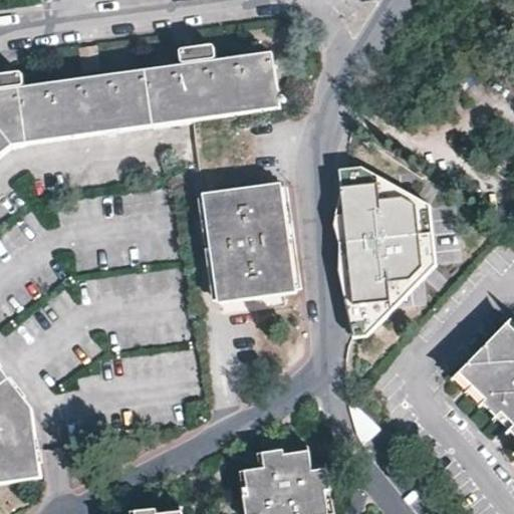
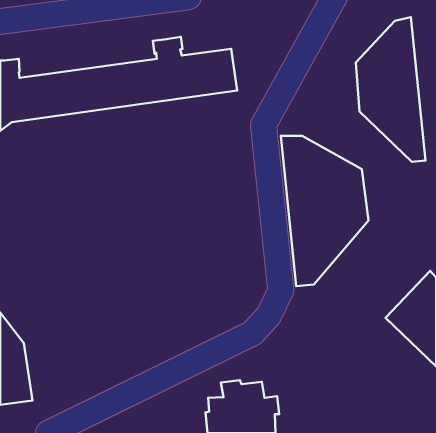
building: none -> [356,17,425,162]
building: [204,181,296,300] -> none

